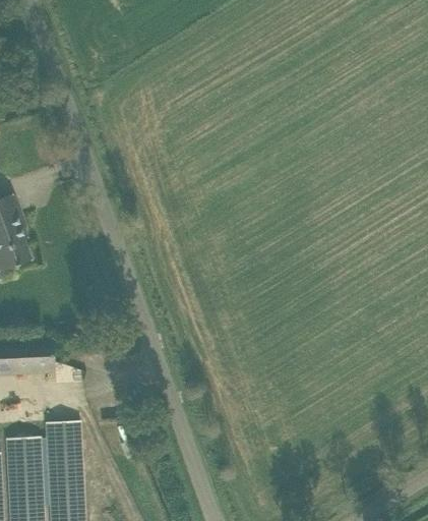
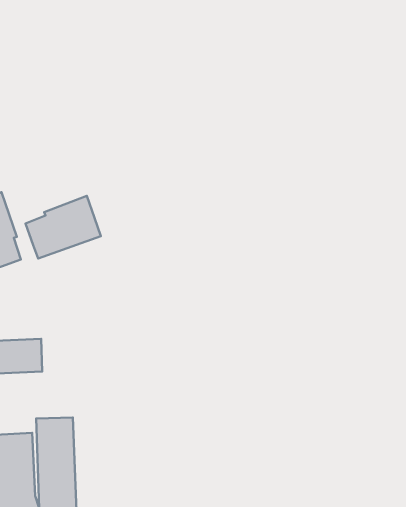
building: none -> [25,196,101,259]

